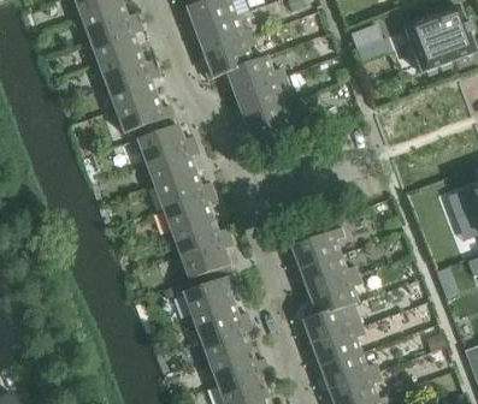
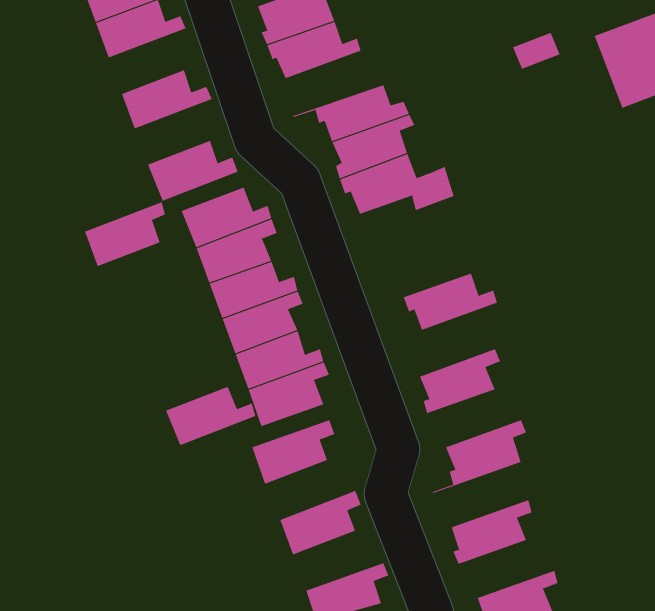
building: [89,20,142,63] -> none
building: [203,35,267,77] -> none
building: [106,66,159,108] -> [84,202,166,267]
building: [295,254,356,291] -> [403,273,498,331]
building: [190,299,249,338] -> [165,386,256,446]
building: [299,301,361,343] -> none
building: [208,345,267,384] -> none
building: [315,351,378,388] -> none

